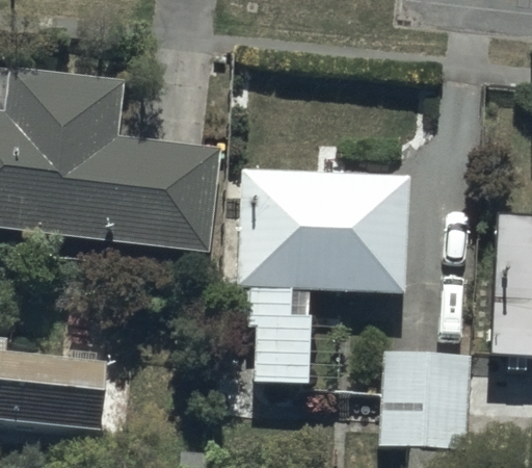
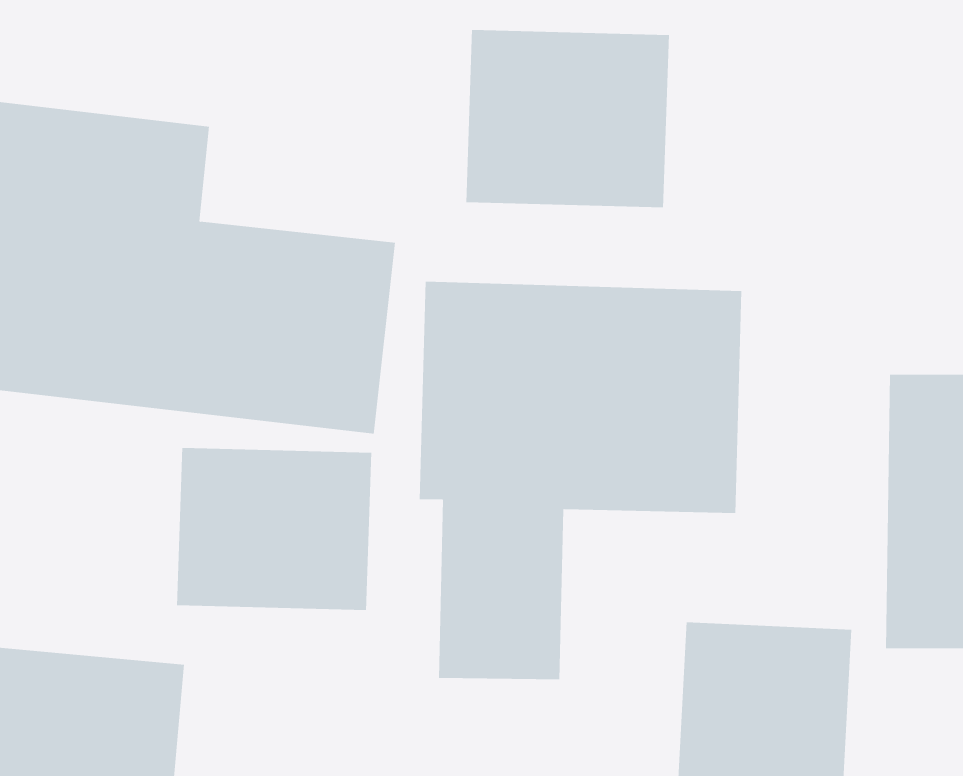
building: none -> [466,29,669,208]
building: none -> [176,447,372,611]

